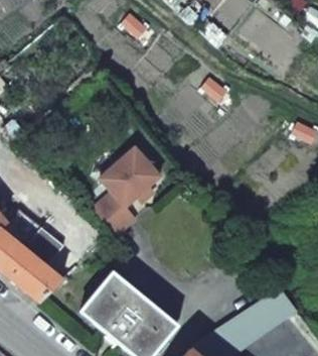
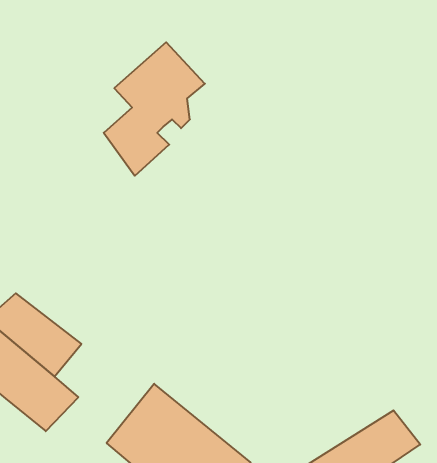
building: [93,149,161,240] -> [104,42,205,176]

